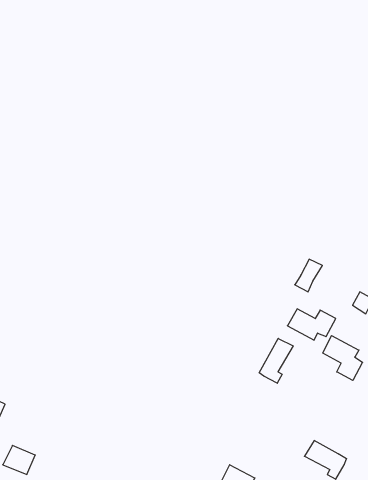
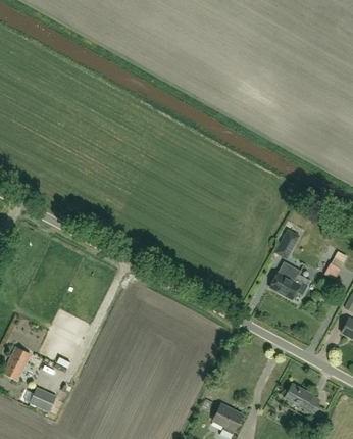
building: [323,336,363,380] -> none
building: [259,338,293,383] -> none

